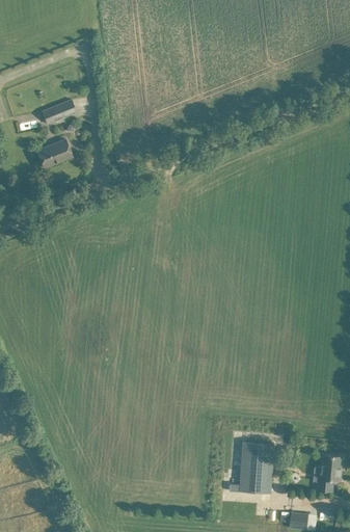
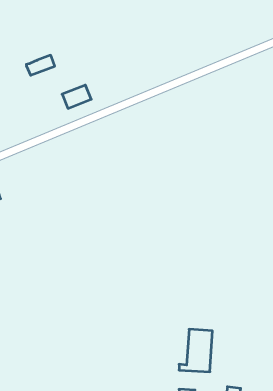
building: [35,139,72,168] -> [62,85,91,108]
building: [318,455,342,491] -> none

